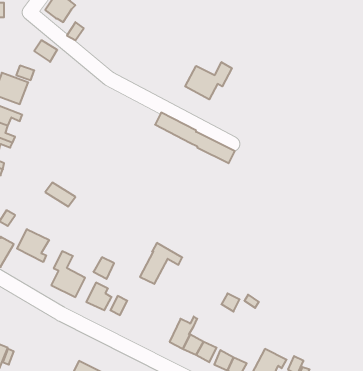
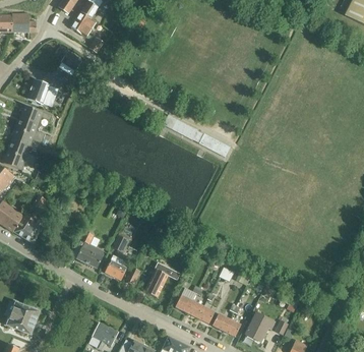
building: [185,62,232,99] -> none
building: [17,229,49,262] -> none
building: [140,243,182,284] -> [143,262,179,297]

